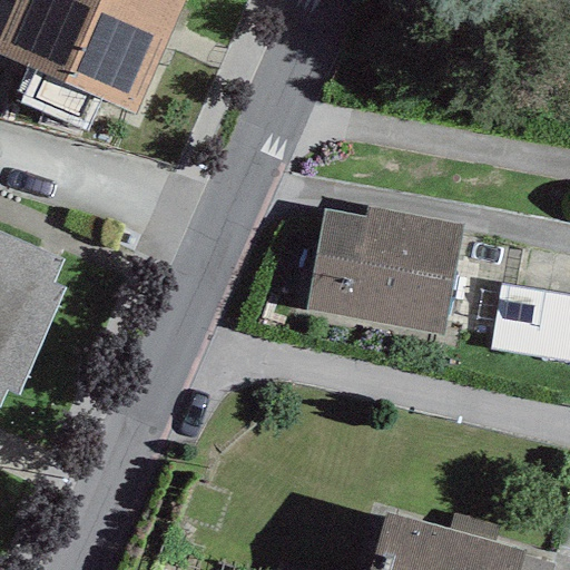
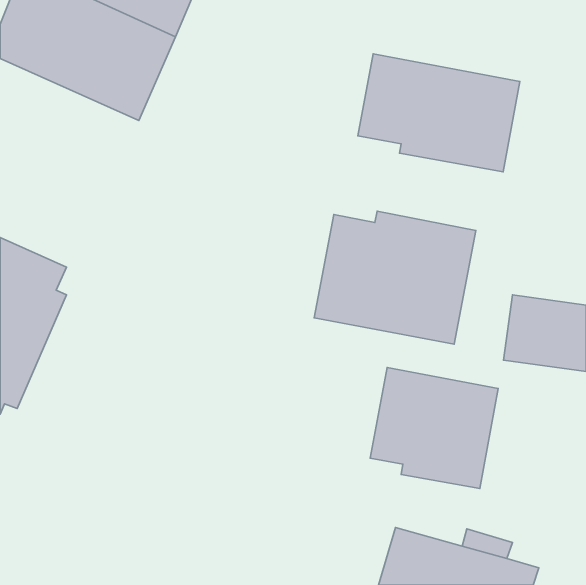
building: none -> [358,54,520,172]
building: none -> [370,367,498,488]

